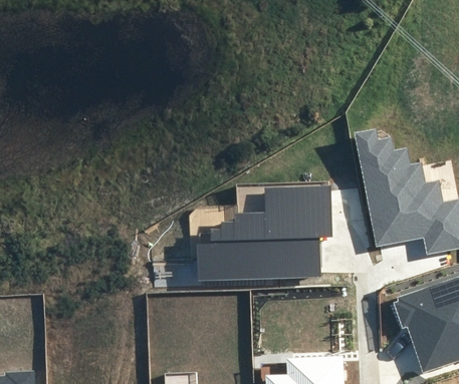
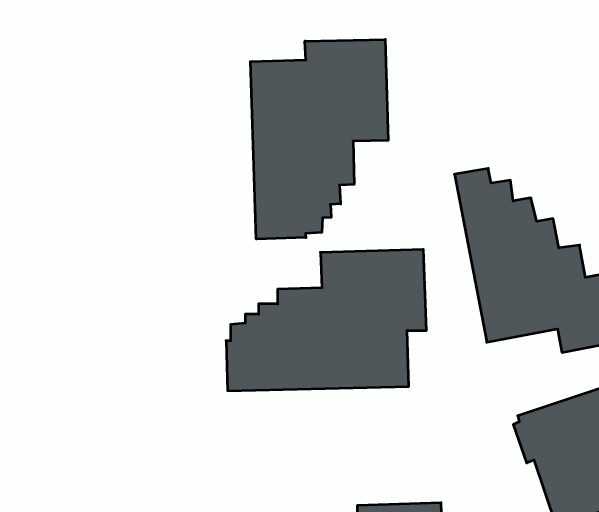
building: none -> [250,39,388,239]

